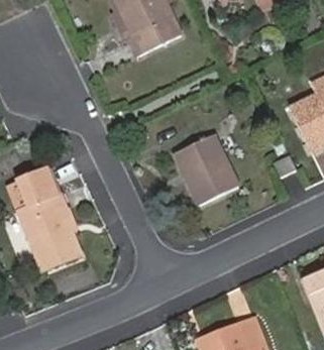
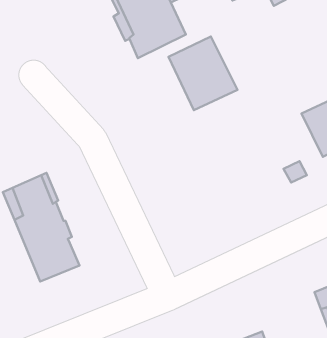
building: [173,134,238,204] -> [168,37,237,110]

